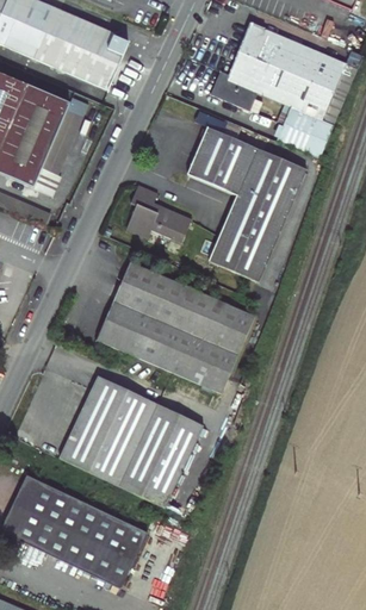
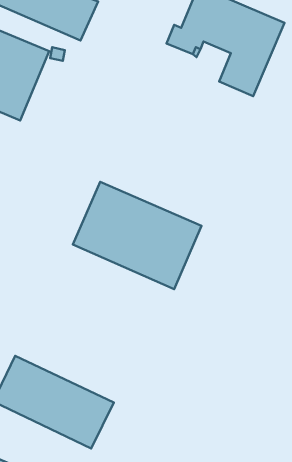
building: [182,126,305,281] -> none
building: [125,185,191,242] -> none
building: [58,375,203,506] -> none

